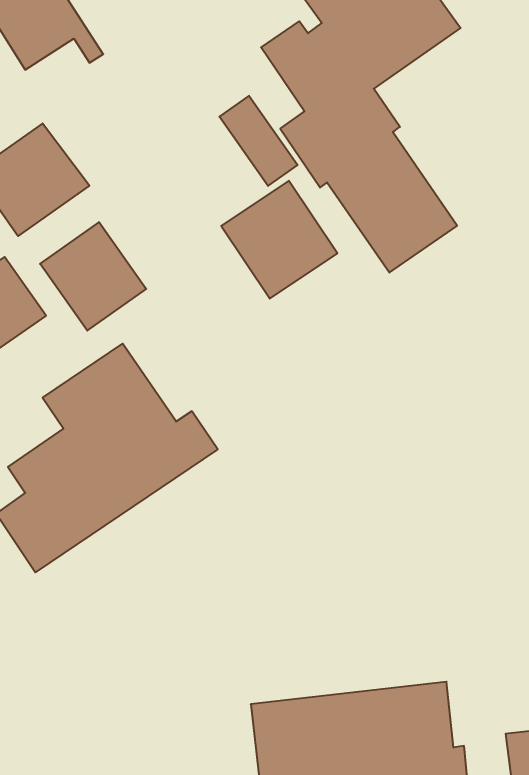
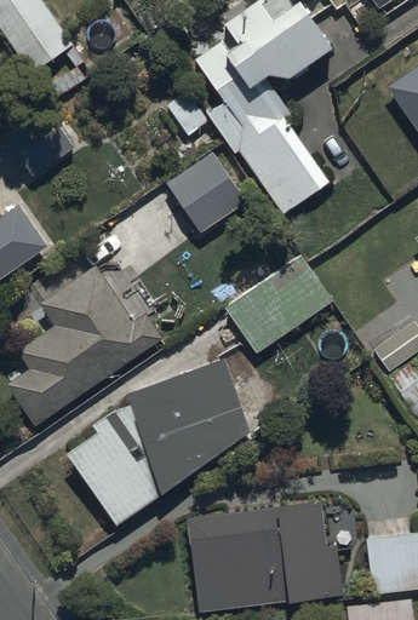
building: [40,222,146,331] -> none
building: none -> [224,266,333,354]
building: none -> [65,358,251,526]

